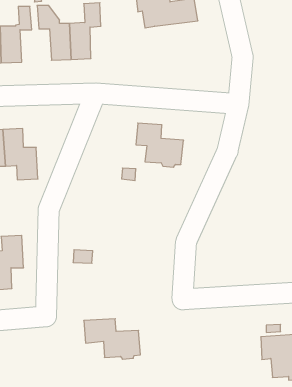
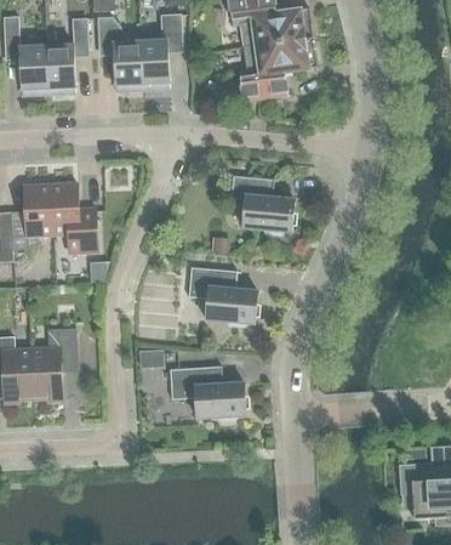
building: none -> [238,36,316,100]
building: none -> [188,266,257,325]
building: [84,319,140,359] -> [169,365,245,420]

